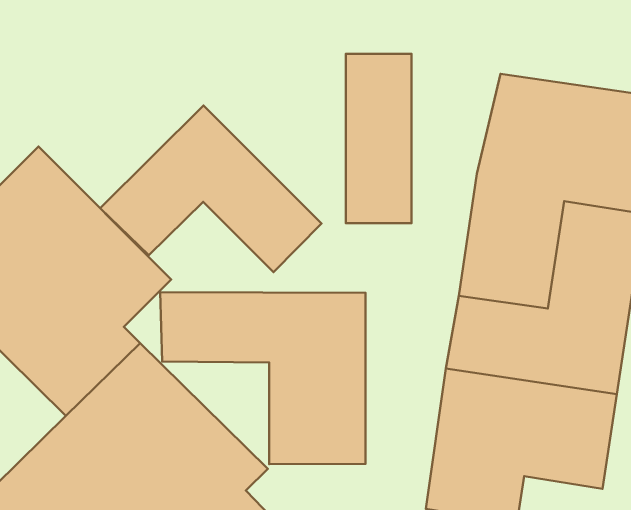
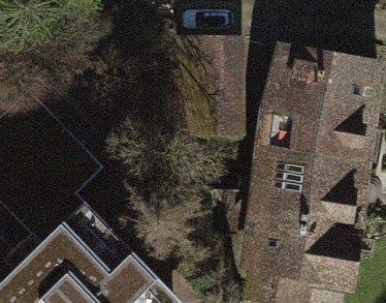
building: [100,105,322,272] -> none
building: [160,292,365,464] -> none

